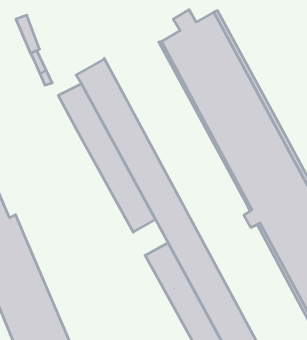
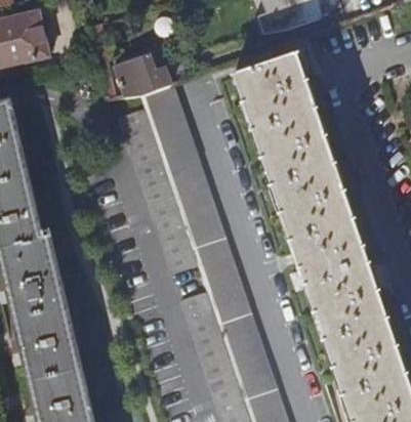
building: none -> [114,49,171,96]

